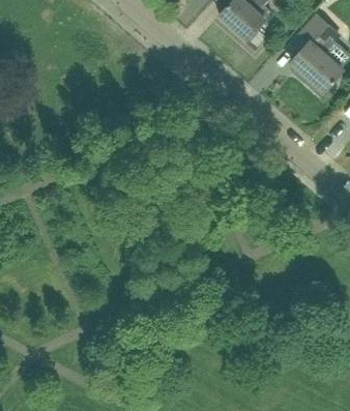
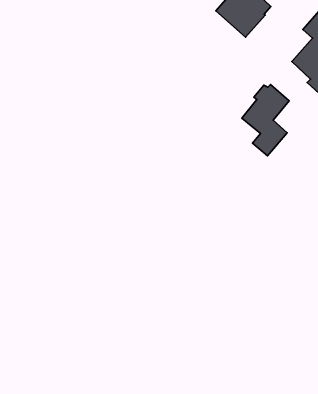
building: none -> [242,85,289,156]

